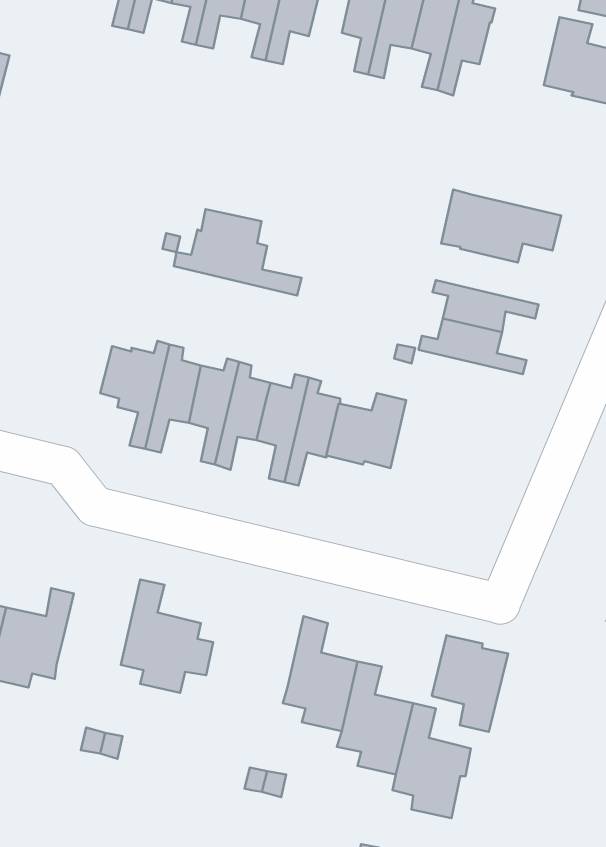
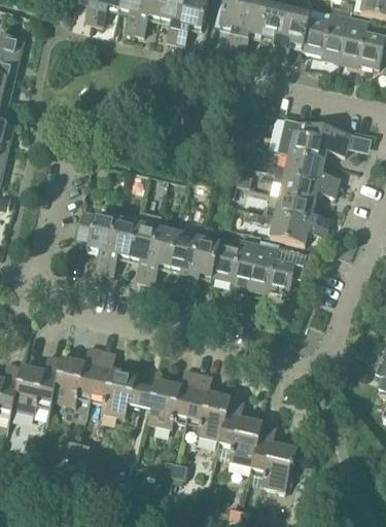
building: none -> [301,12,349,57]
building: [174,209,302,296] -> none
building: none -> [276,153,339,186]
building: none -> [264,213,327,244]
building: none -> [249,243,295,294]
building: none -> [51,346,101,406]
building: none -> [140,367,198,427]
building: [432,635,508,732] -> none

